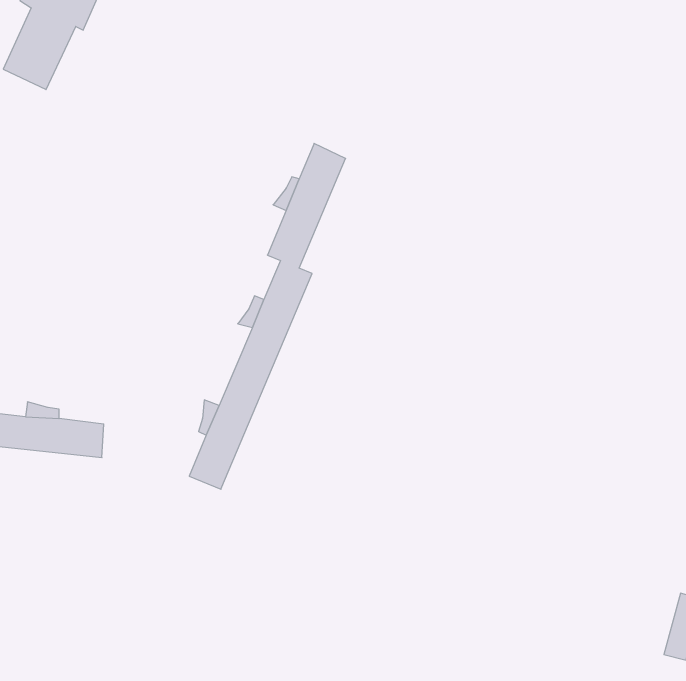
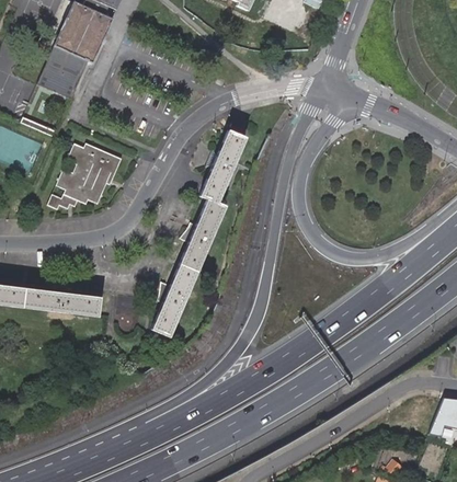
building: none -> [50,142,124,209]

